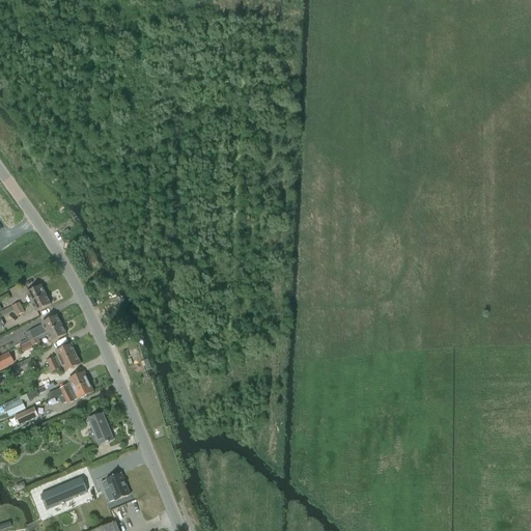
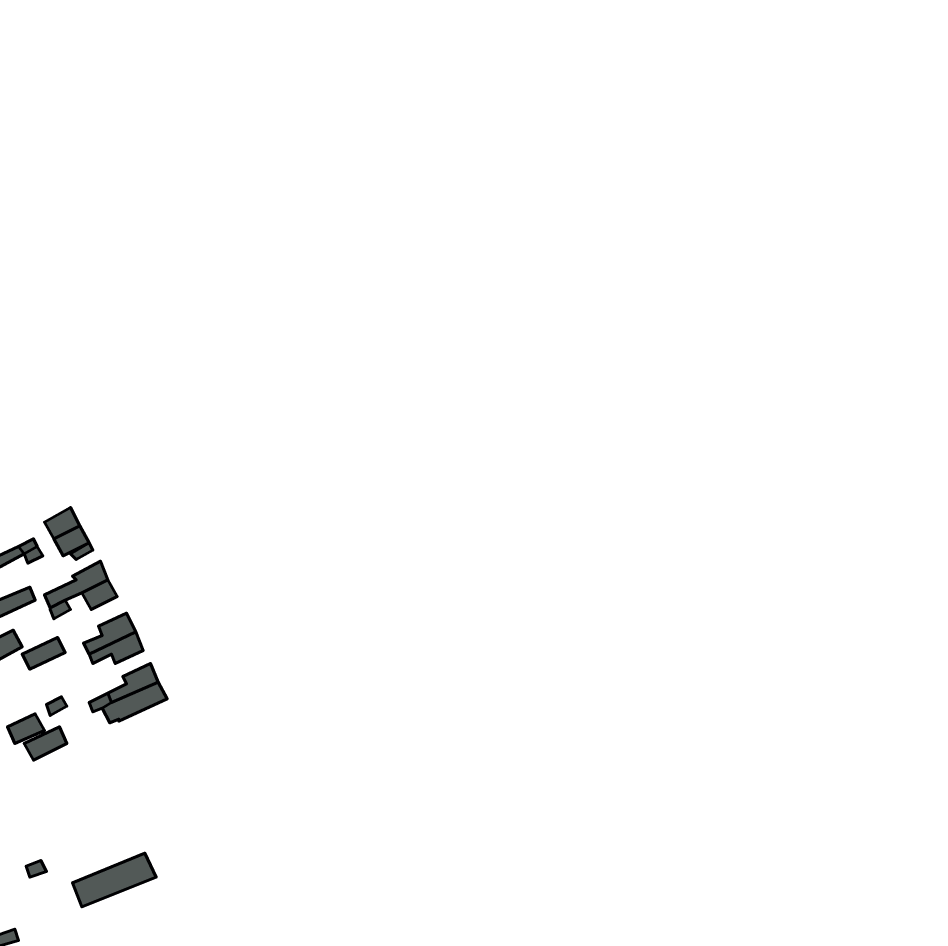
building: [87,412,113,444] -> none
building: [100,472,129,499] -> none

